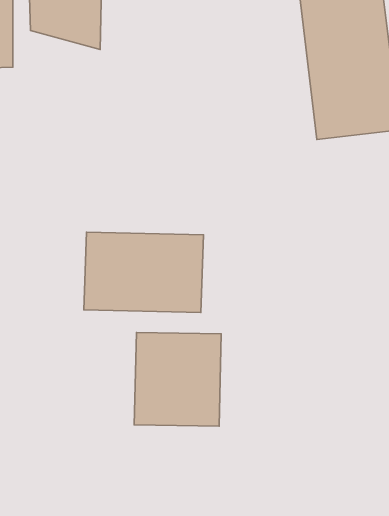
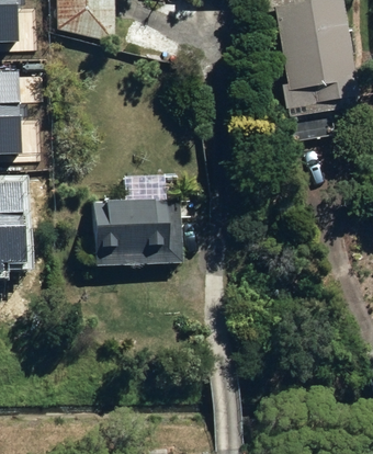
building: [134,333,221,426] -> none

